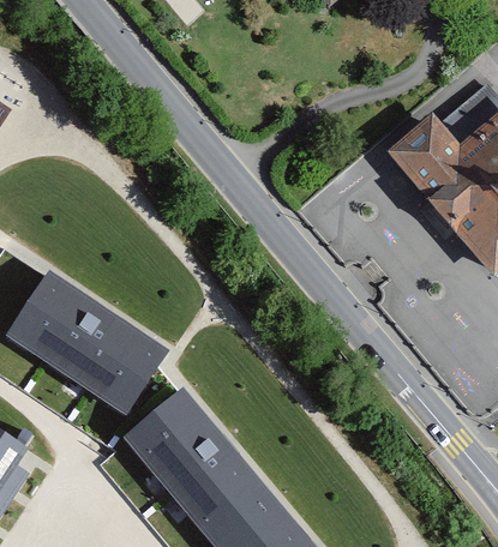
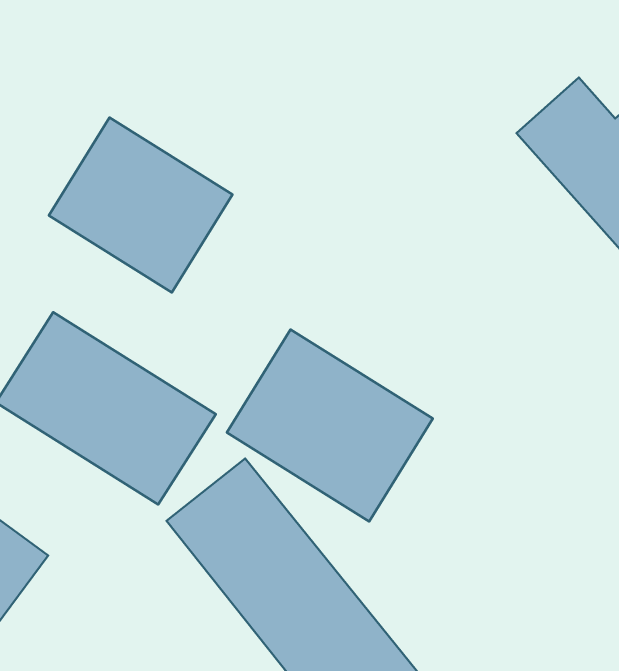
building: none -> [49,118,232,292]
building: none -> [227,330,433,522]

